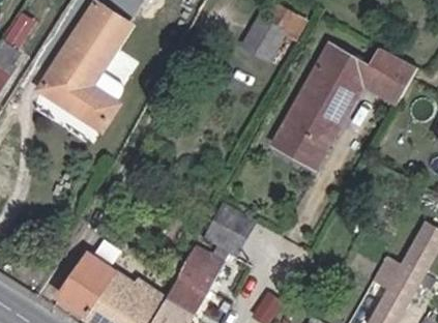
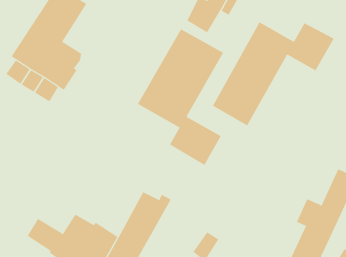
building: none -> [137,28,224,166]
building: [205,204,255,253] -> none
building: [70,255,113,293] -> none

